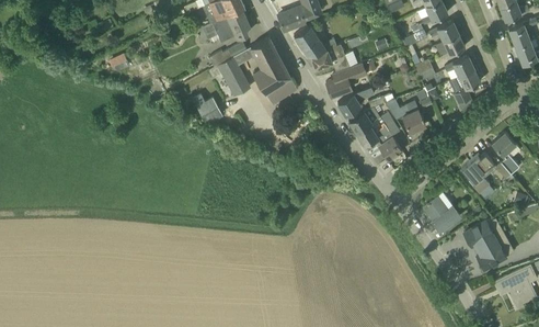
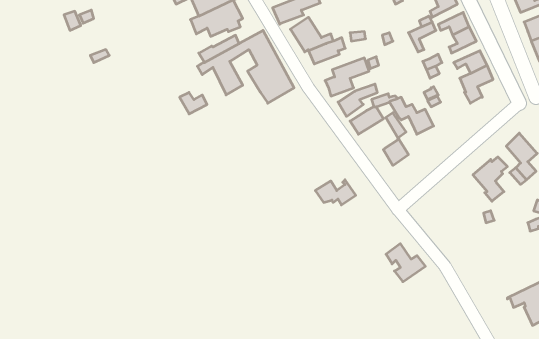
building: [356,123,393,146] -> [315,180,356,205]
building: [424,196,460,232] -> [386,244,425,282]
building: [463,219,506,269] -> none

